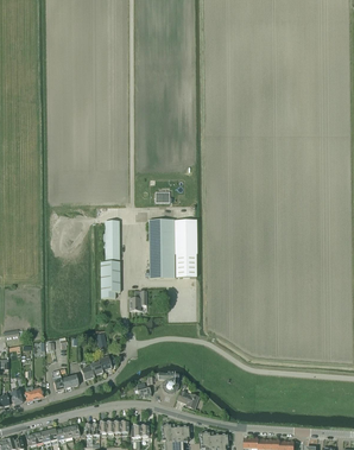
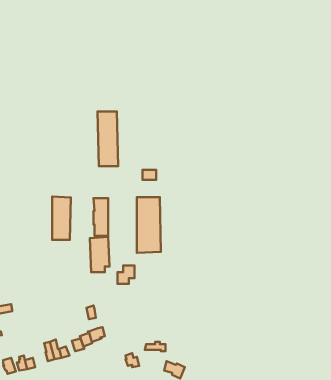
building: none -> [52,196,71,240]
building: [175,220,196,277] -> [98,111,118,166]

